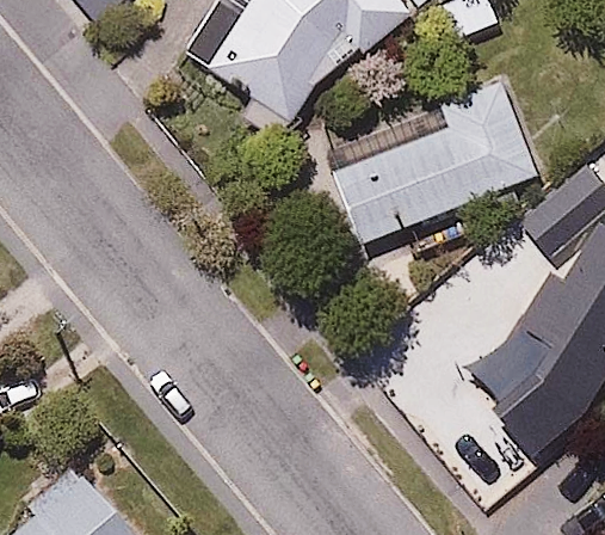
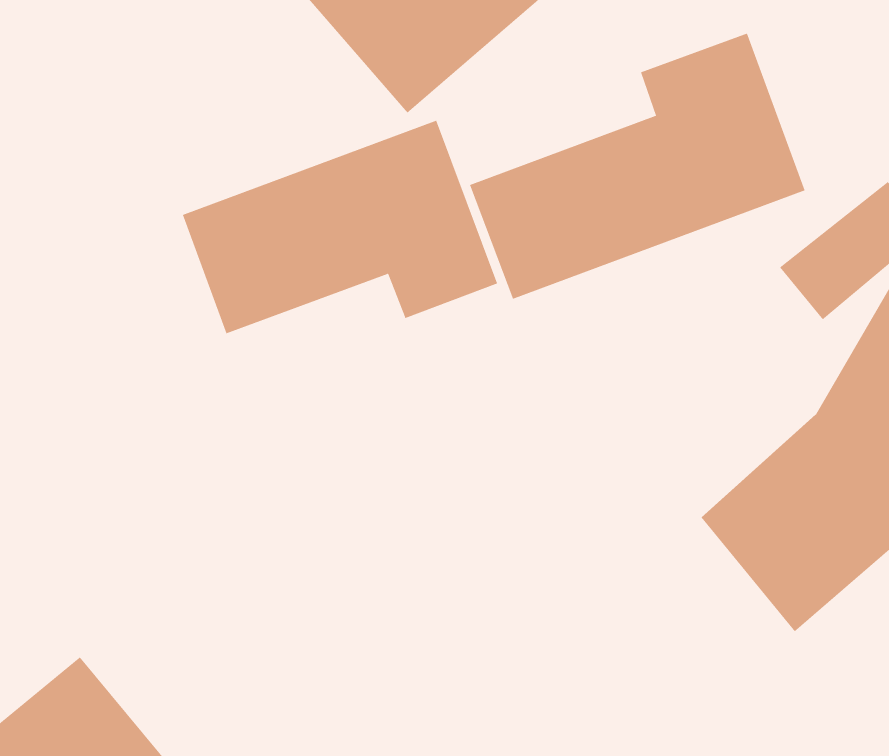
building: none -> [182,120,498,334]

